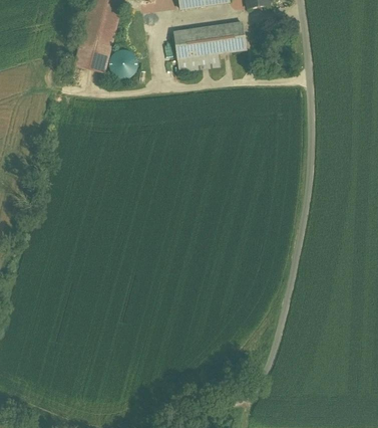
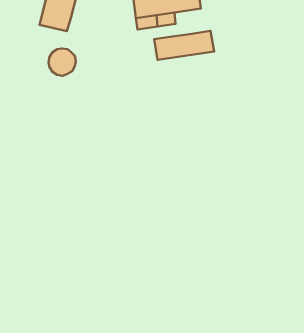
building: [108,47,137,76] -> [49,48,76,76]
building: none -> [154,31,214,60]

